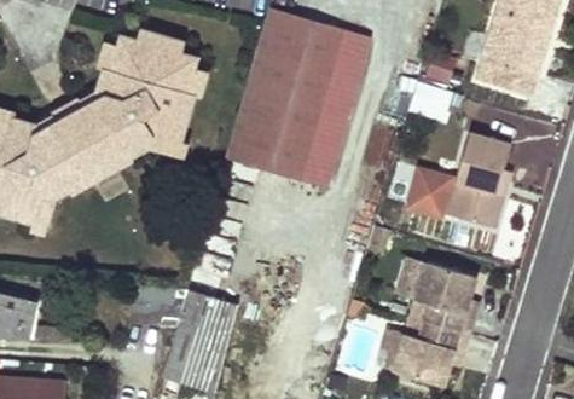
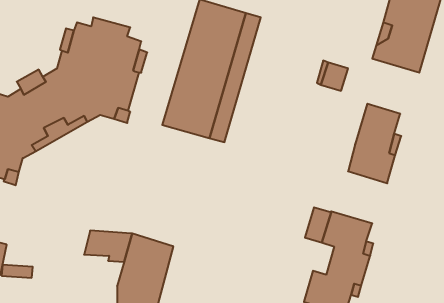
building: [298,29,370,187] -> none
building: [411,170,456,214] -> none

